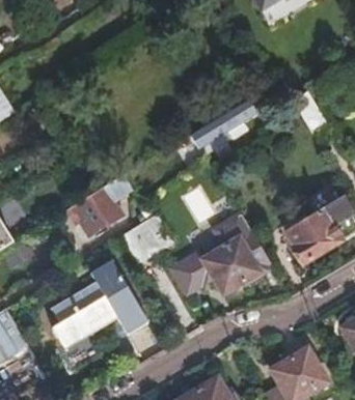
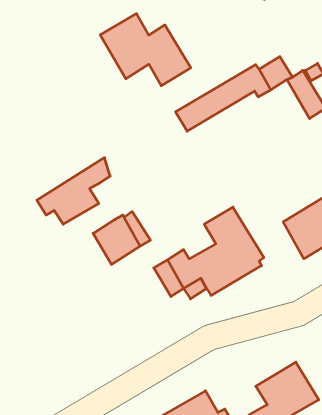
building: none -> [100,14,191,86]
building: [48,262,146,351] -> none

